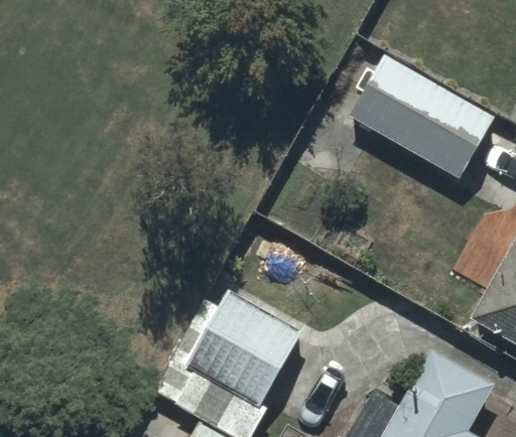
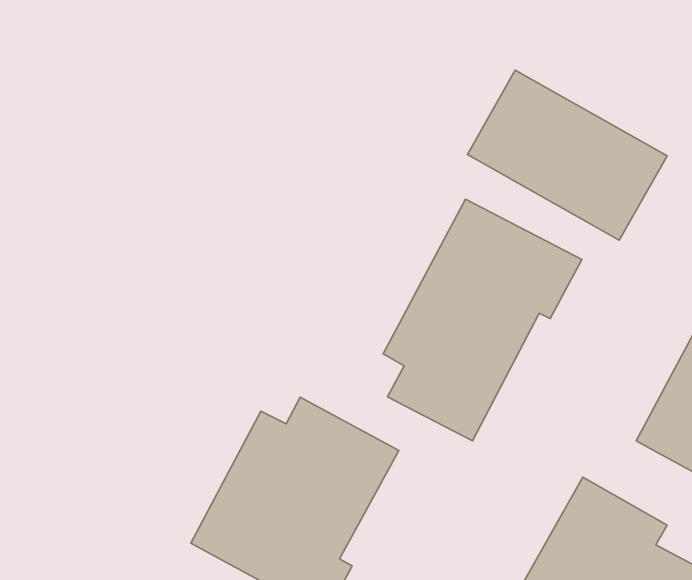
building: none -> [383,199,582,441]

